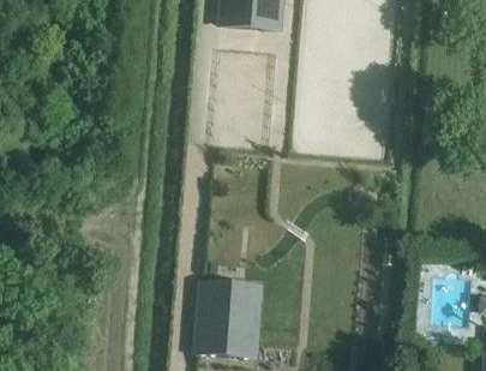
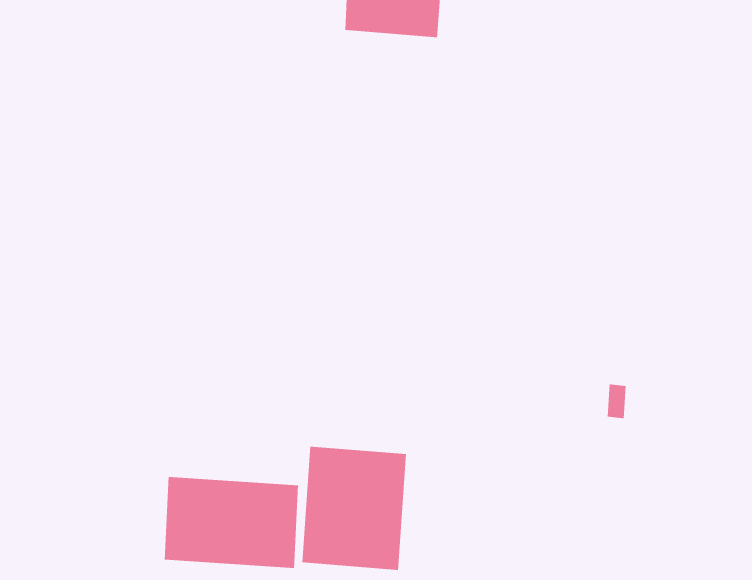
building: none -> [164,476,299,569]

